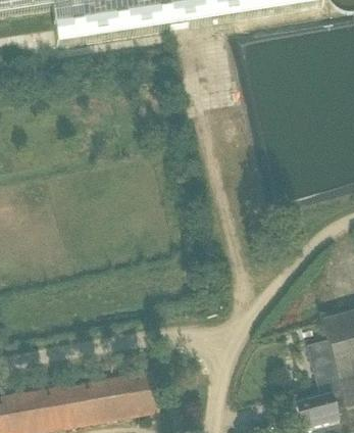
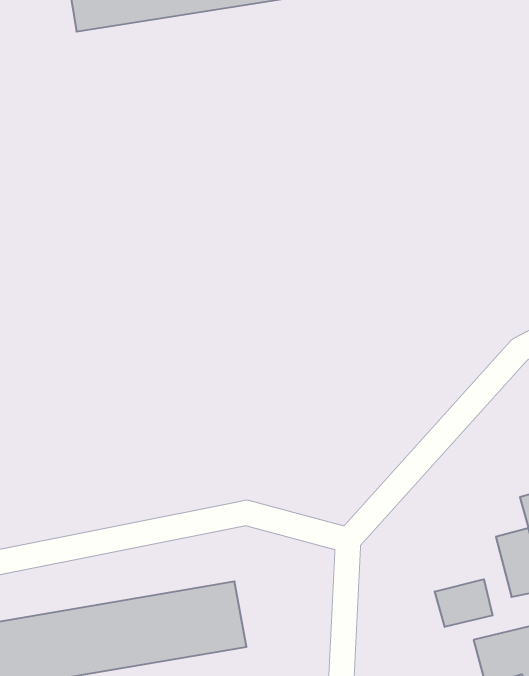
building: none -> [435,579,493,627]

